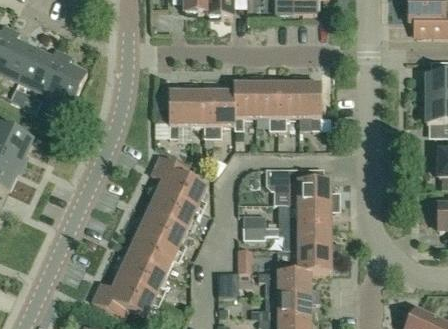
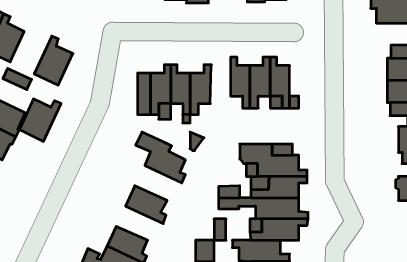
building: [17,46,62,92] -> [20,99,61,141]
building: [234,74,256,129] -> none
building: [152,191,203,229] -> none
building: [132,235,183,272] -> none

